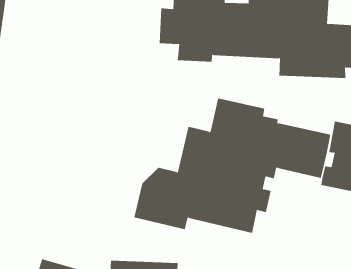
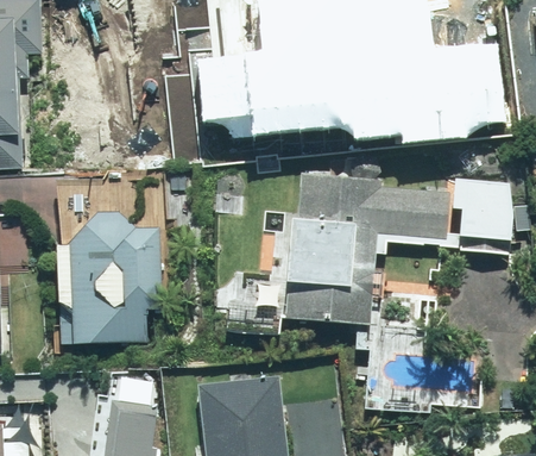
building: none -> [68,210,162,345]

